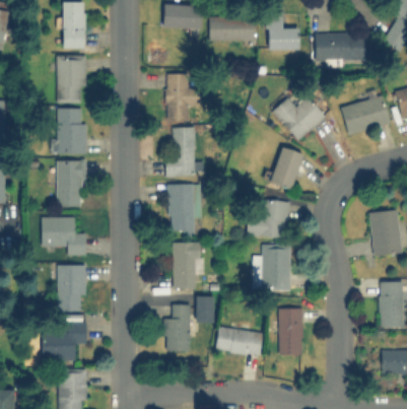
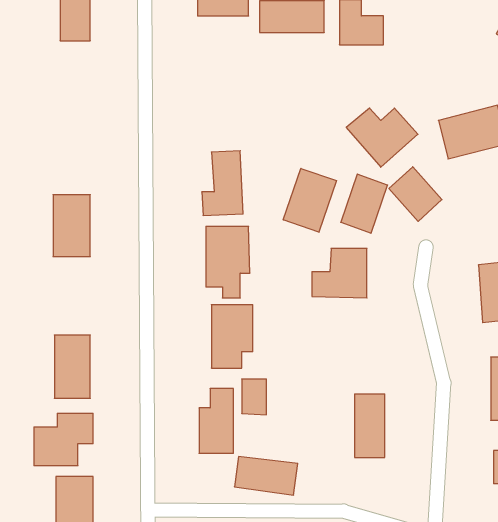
building: [316,35,365,60] -> none
building: [57,56,85,104] -> none
building: [166,74,193,121] -> none
building: [53,109,86,154] -> none
building: none -> [389,167,442,221]
building: none -> [283,168,337,232]
building: [43,217,85,256] -> none
building: [254,246,290,290] -> none
building: [216,328,263,356] -> [234,457,298,495]

